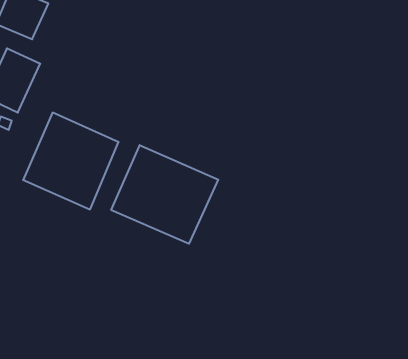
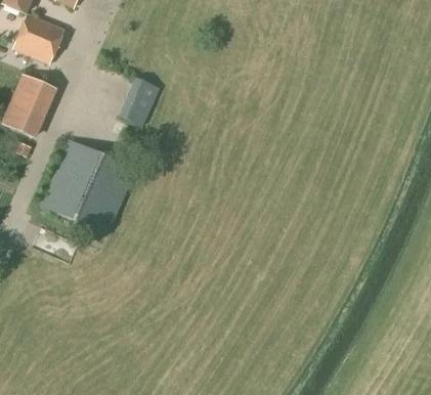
building: none -> [118,77,160,126]
building: [111,145,218,244] -> none

